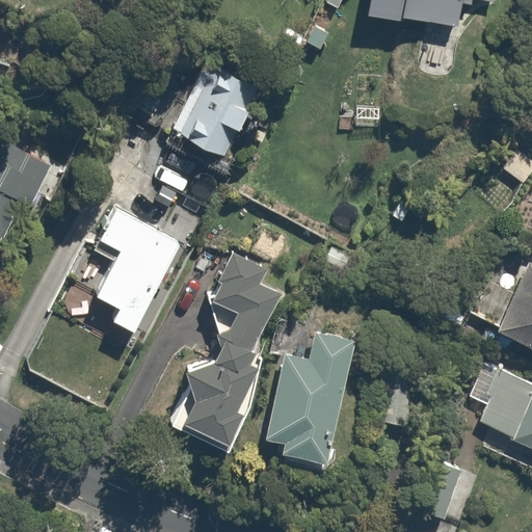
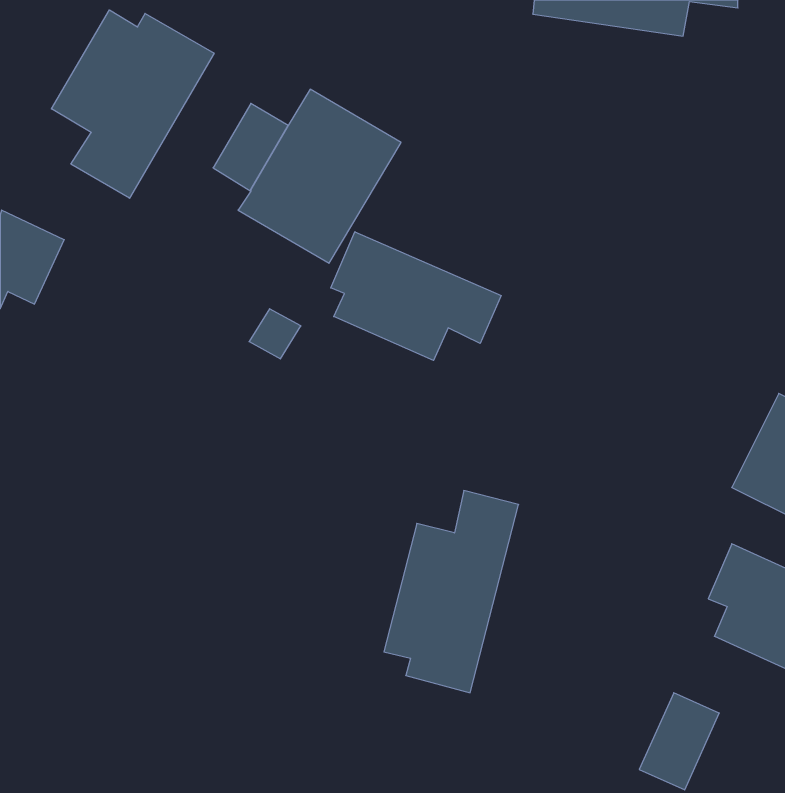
building: none -> [51,10,214,198]
building: none -> [331,232,501,360]
building: [95,206,183,331] -> none
building: [176,251,280,442] -> none

